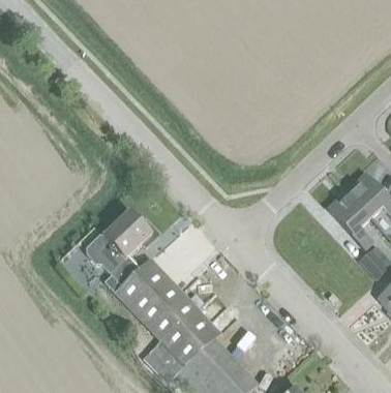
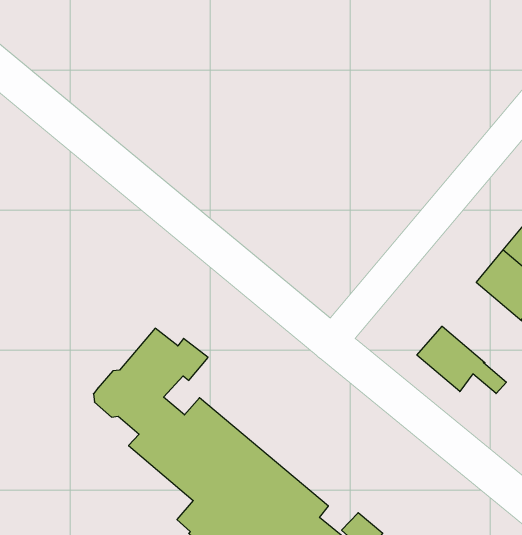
building: none -> [417,326,506,394]

